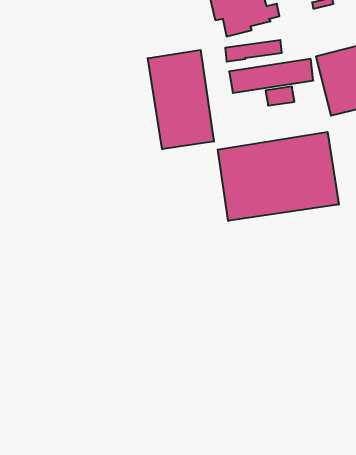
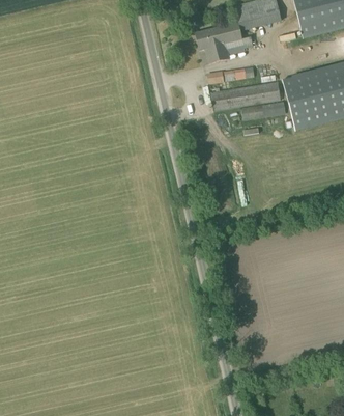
building: [148,50,214,149] -> none
building: [218,132,339,221] -> none

